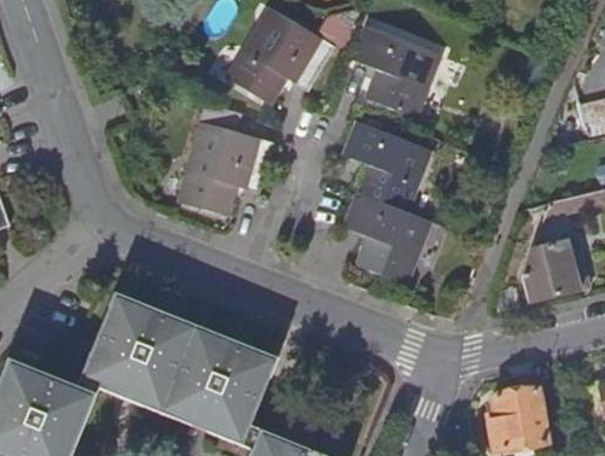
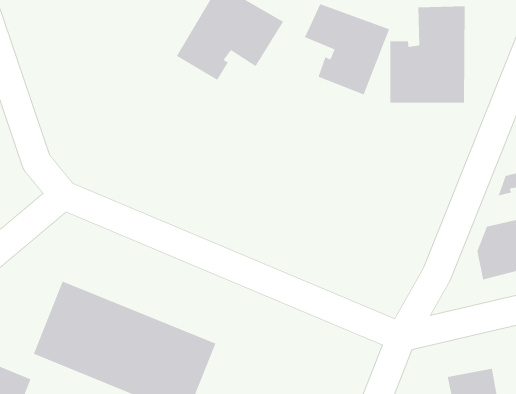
building: none -> [389,6,465,103]
building: [345,122,429,283] -> none
building: [180,124,274,216] -> none

